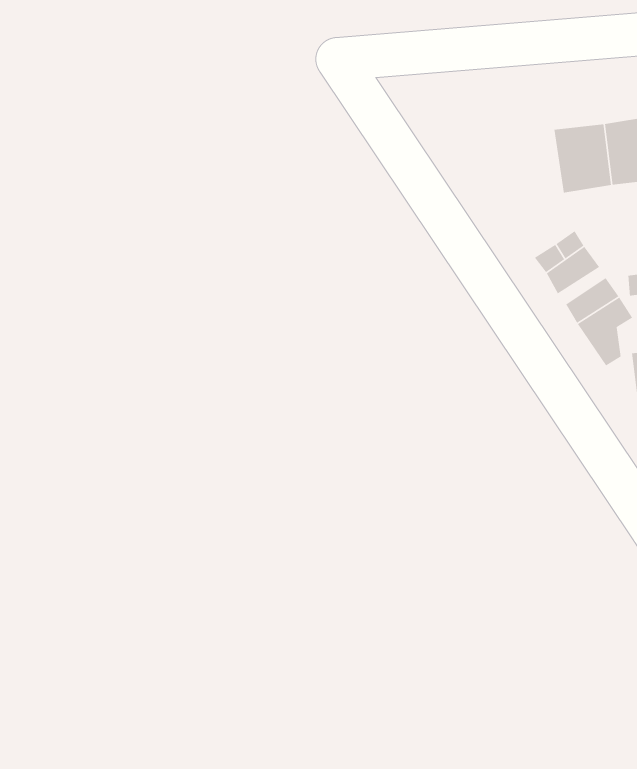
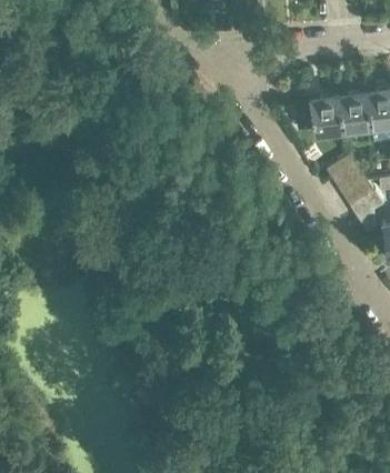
building: none -> [311,97,346,137]

